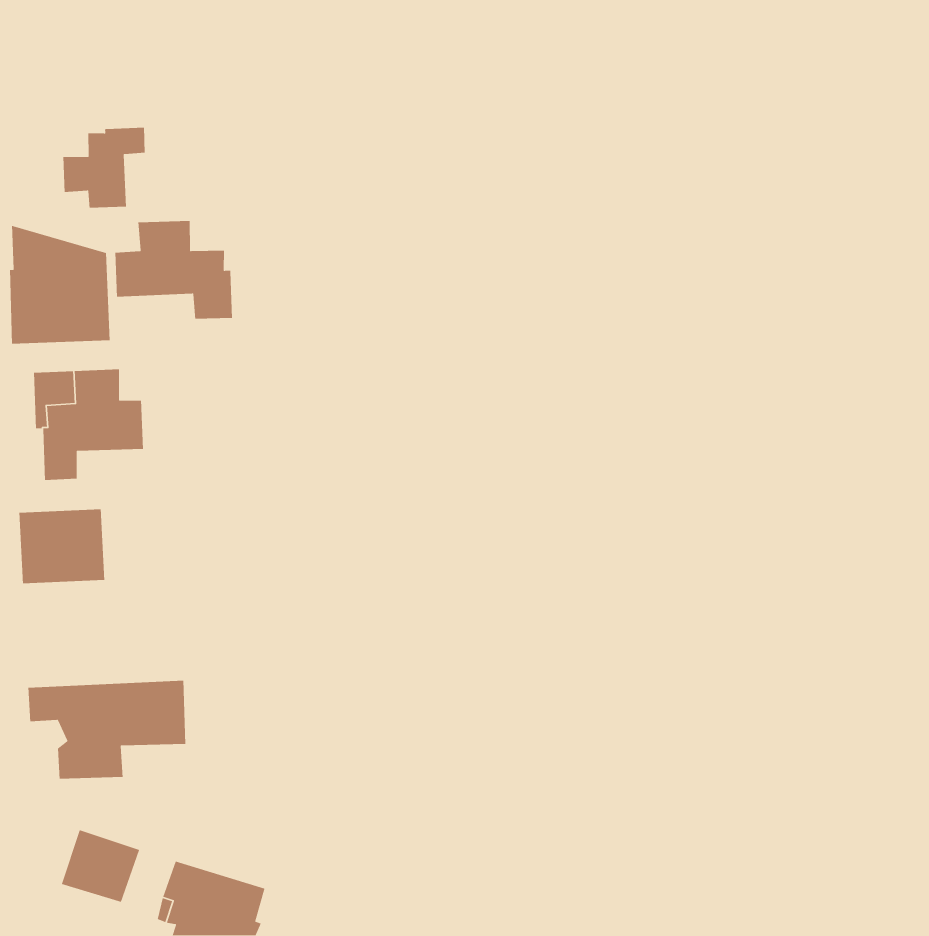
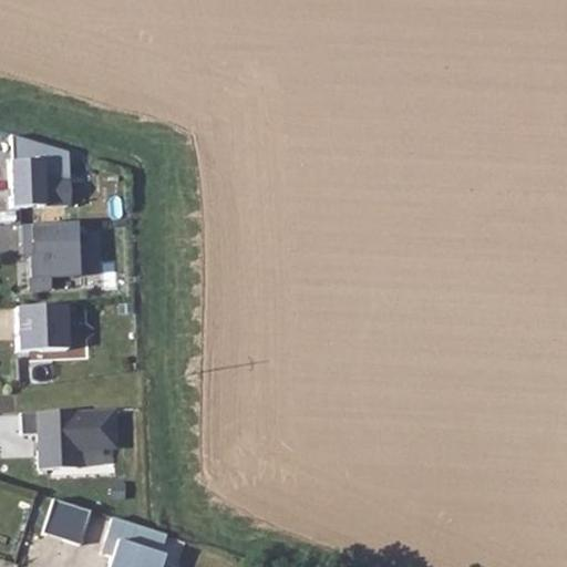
building: [62,127,145,209] -> none
building: [114,220,233,319] -> none

